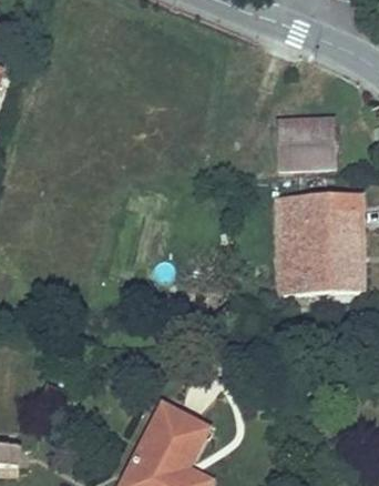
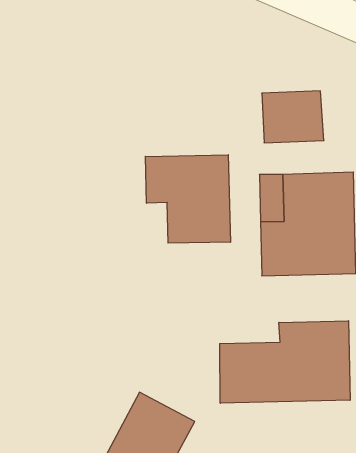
building: none -> [145,155,230,243]
building: none -> [220,321,350,403]

